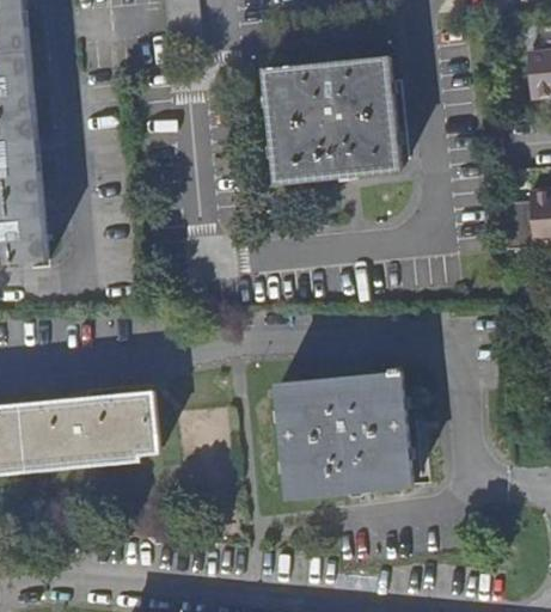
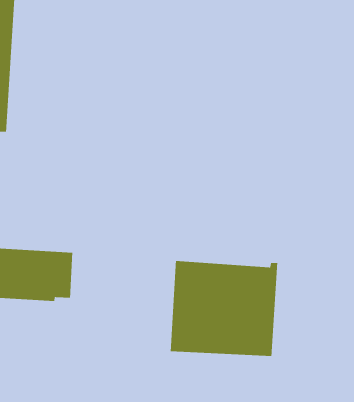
building: [268,57,402,180] -> none

